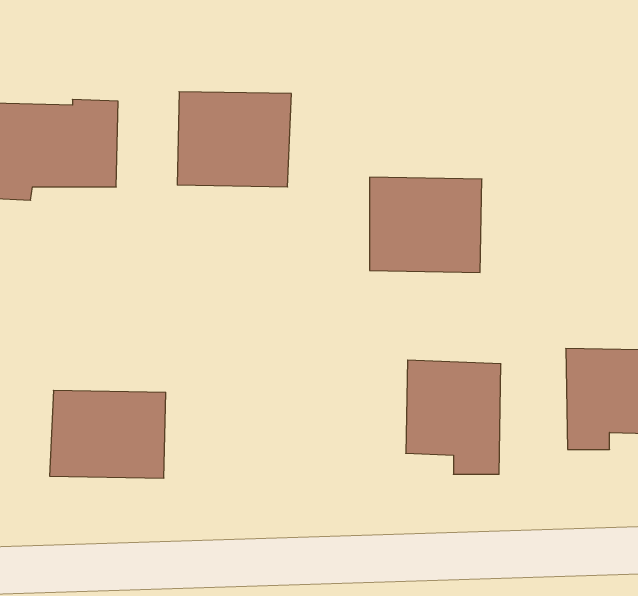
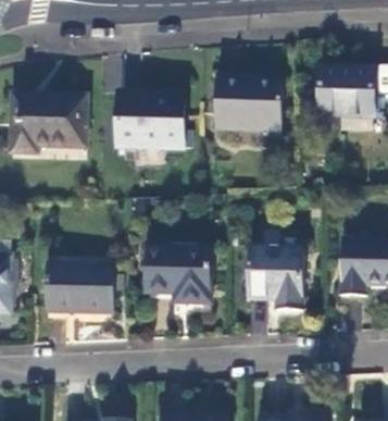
building: none -> [318,67,373,117]
building: [370,177,482,272] -> [216,76,280,131]
building: none -> [145,249,212,304]

